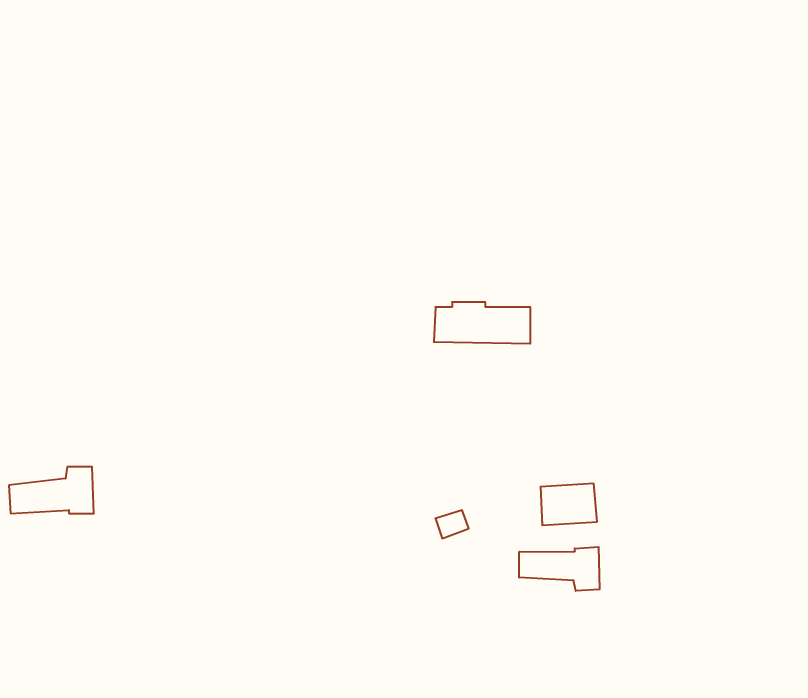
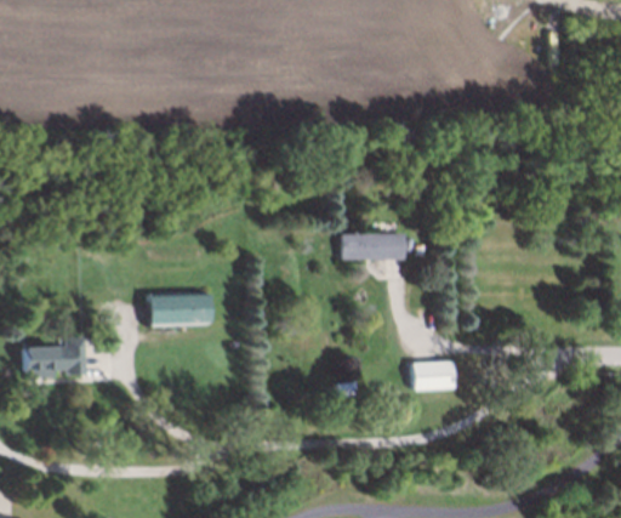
building: none -> [149,297,211,331]
building: [519,547,600,591] -> none

